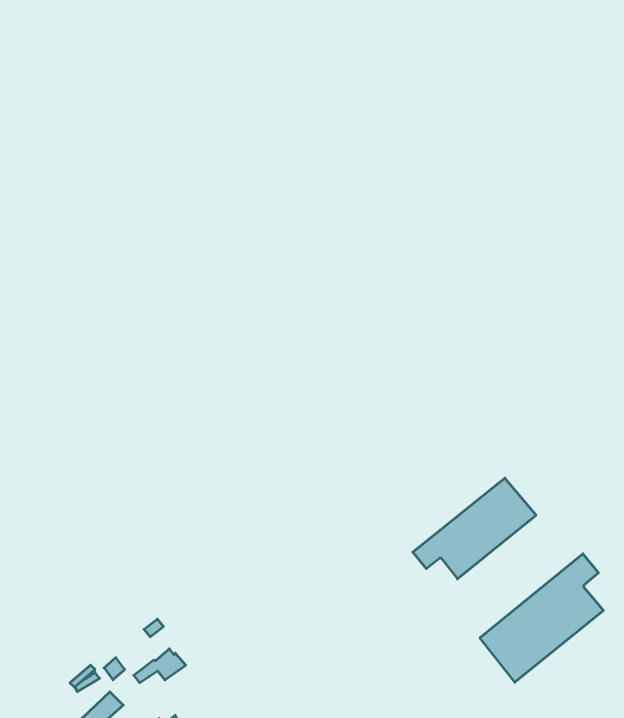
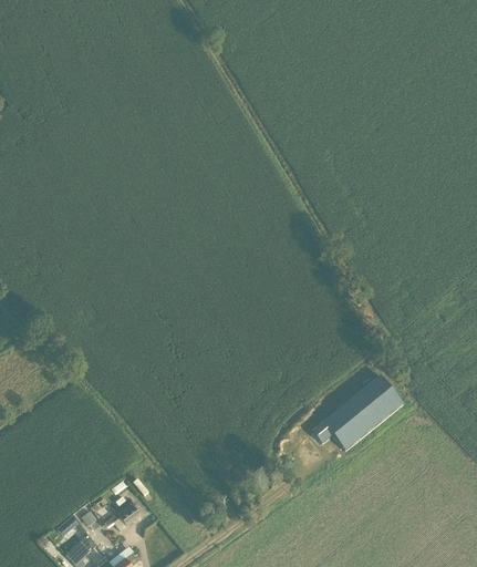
building: [480,554,603,682] -> none

